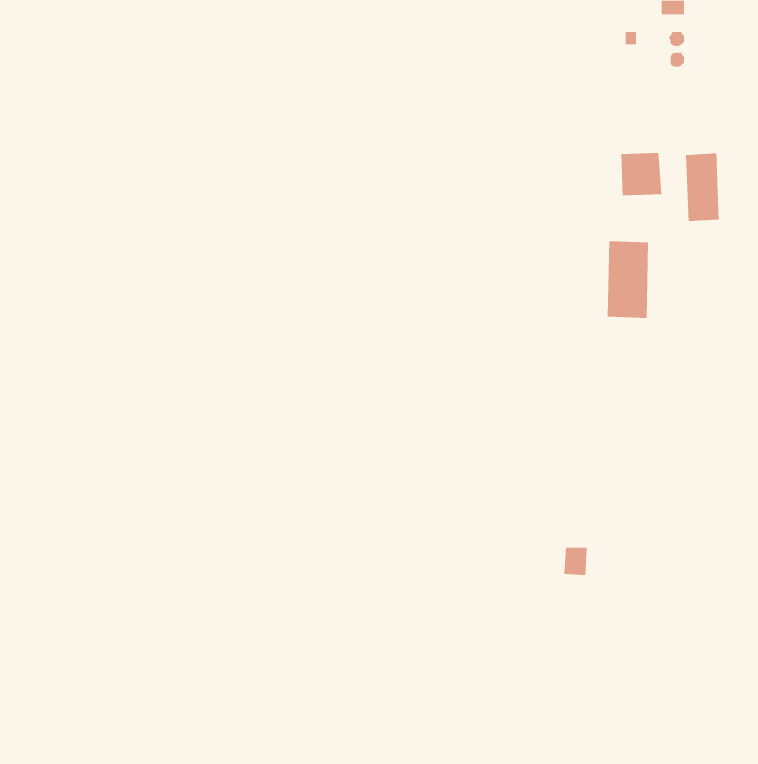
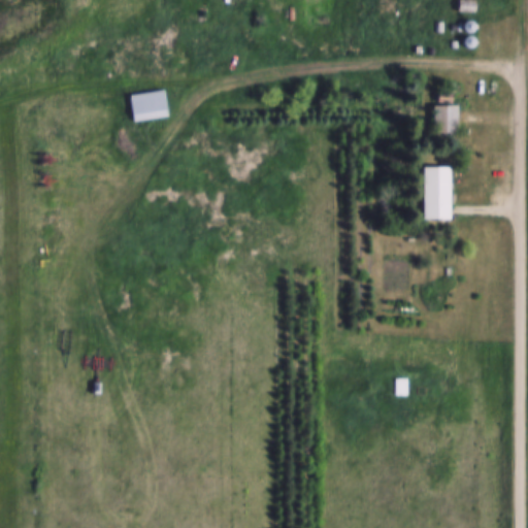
building: none -> [128,89,171,124]
building: [686,153,719,222] -> none

